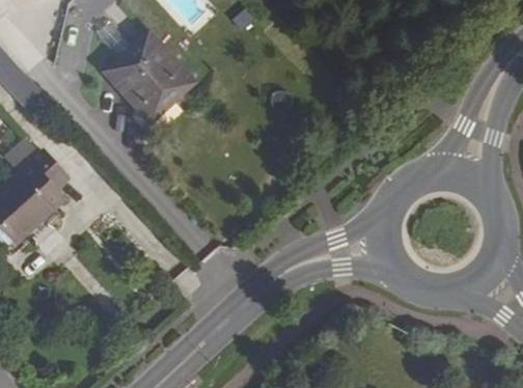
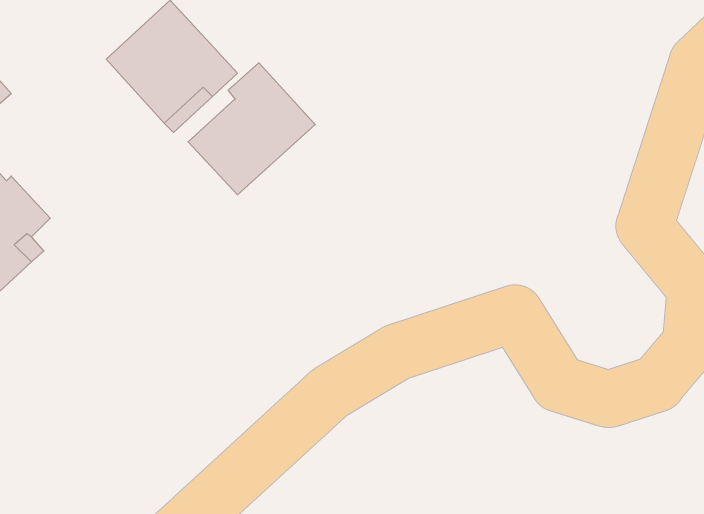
building: none -> [188,63,315,195]

